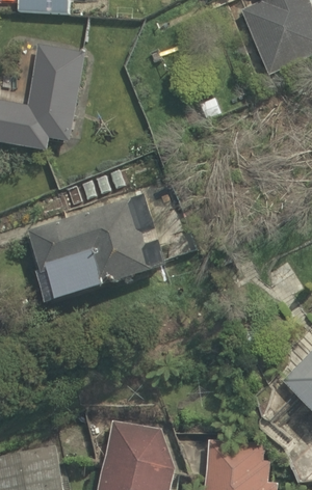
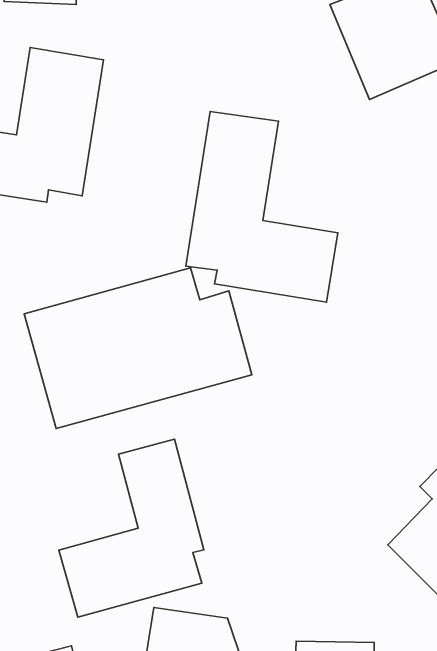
building: none -> [186,111,338,302]
building: none -> [59,439,204,617]

